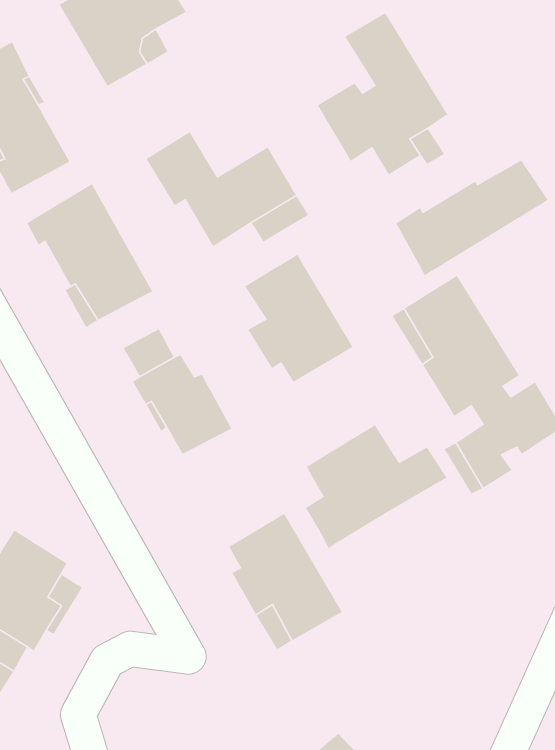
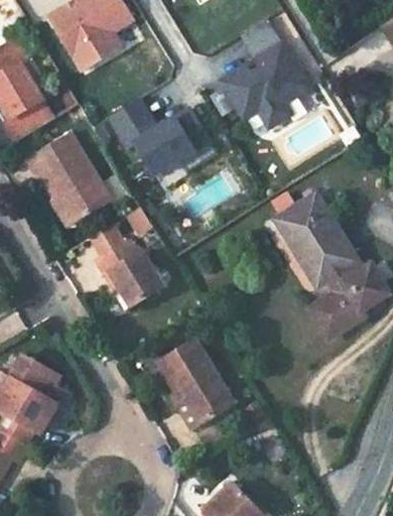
building: [395,159,549,276] -> none
building: [244,254,353,383] -> none
building: [305,424,447,549] -> none

